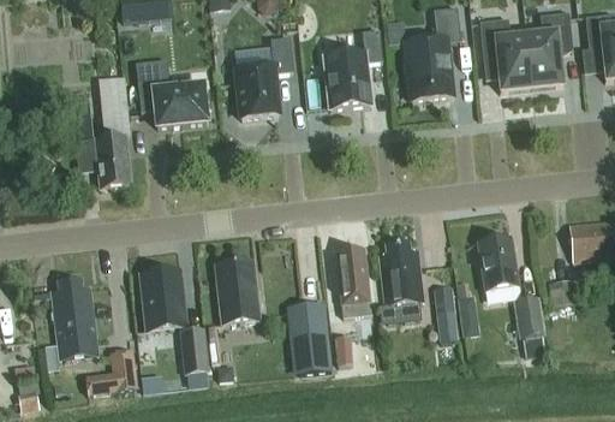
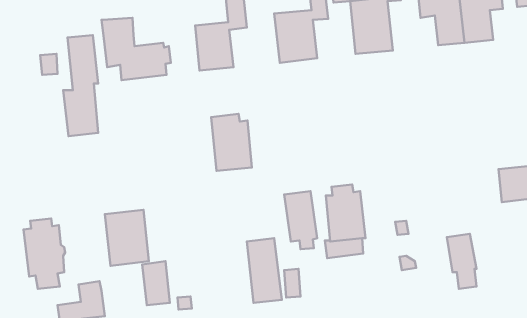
building: [477,236,518,289] -> none
building: [214,260,258,322] -> [211,114,252,171]
building: [434,291,456,341] -> none

